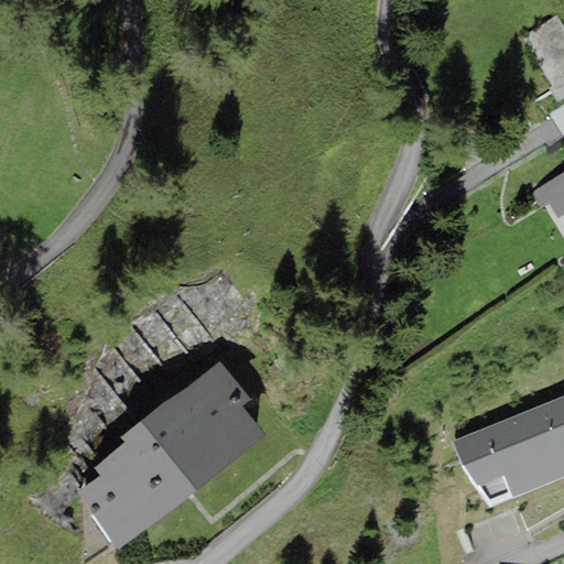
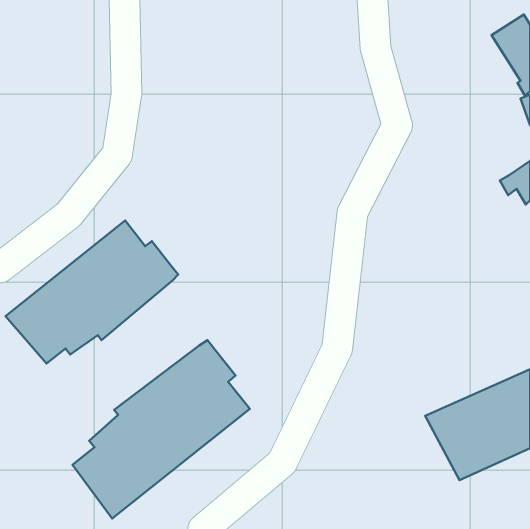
building: none -> [5,221,178,364]

